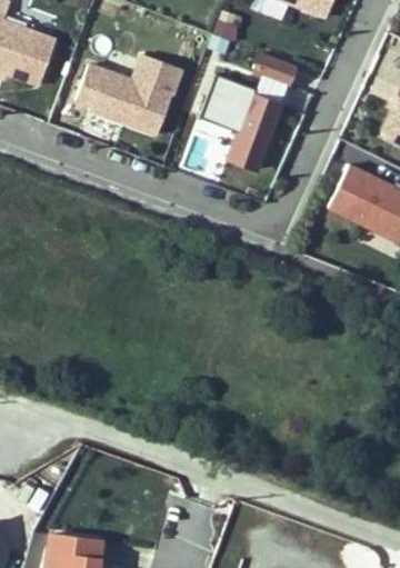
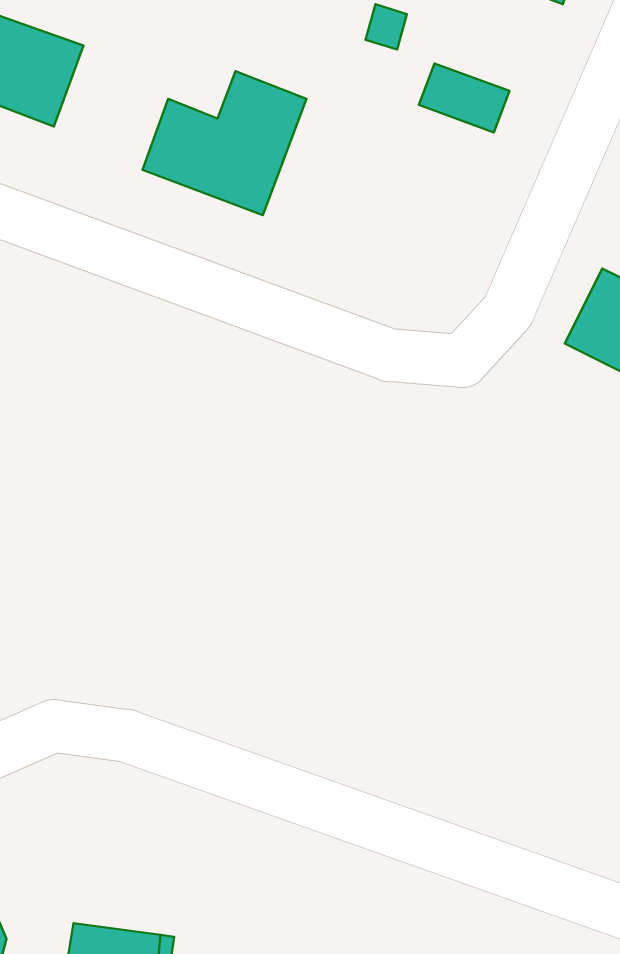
building: [190,73,279,171] -> none

